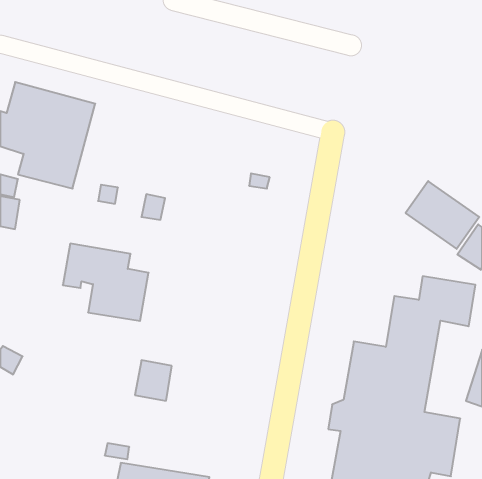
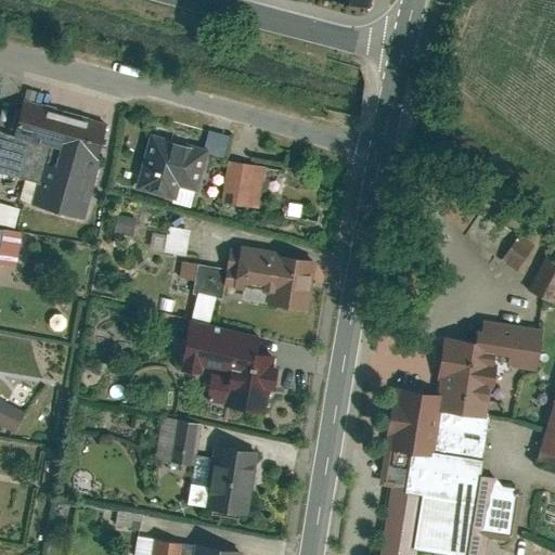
building: none -> [132,130,229,209]
building: none -> [220,160,268,212]
building: none -> [179,243,315,322]
building: [63,244,149,321] -> [178,323,276,412]
building: none -> [186,444,257,515]

